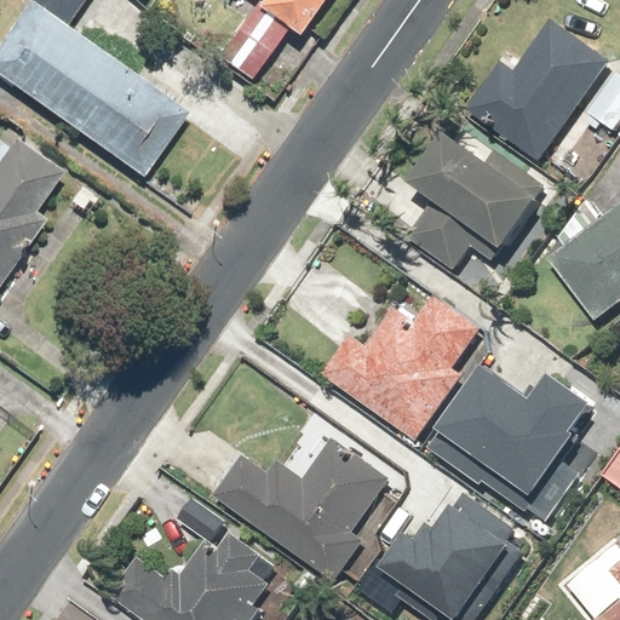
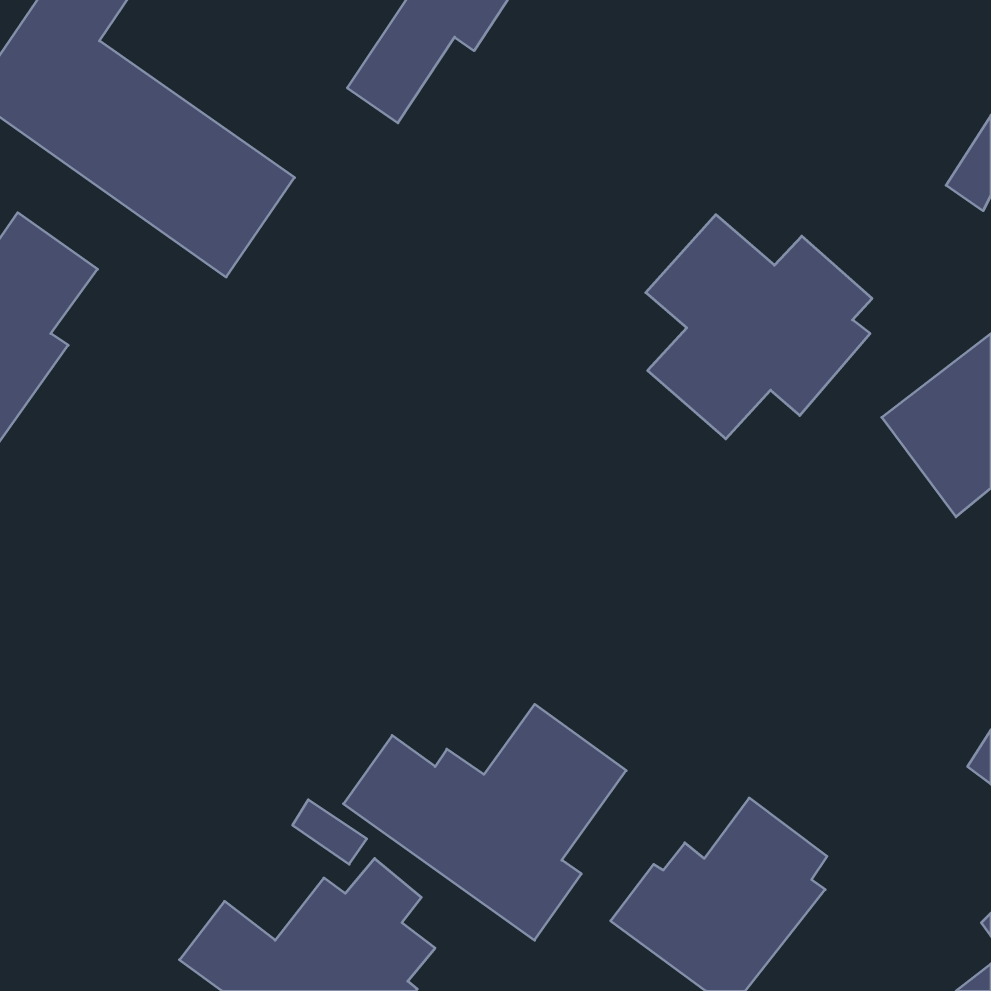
building: [465,21,607,165] -> none
building: [325,299,477,442] -> none
building: [438,362,603,513] -> none

